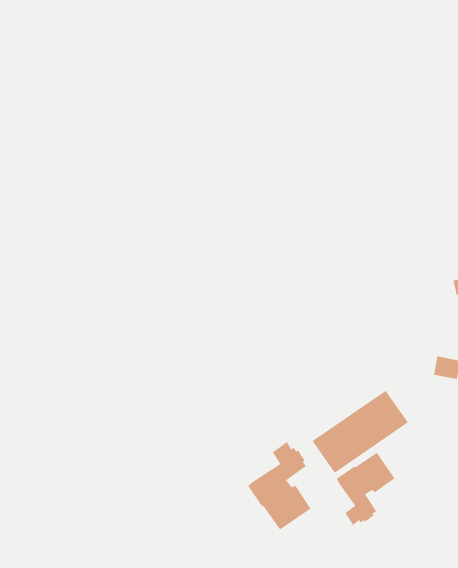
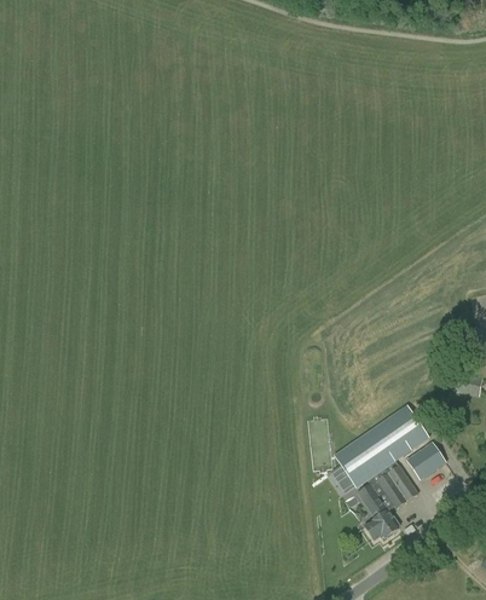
building: none -> [405,442,446,481]
building: [247,441,312,531] -> none

